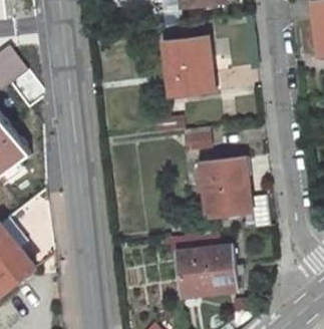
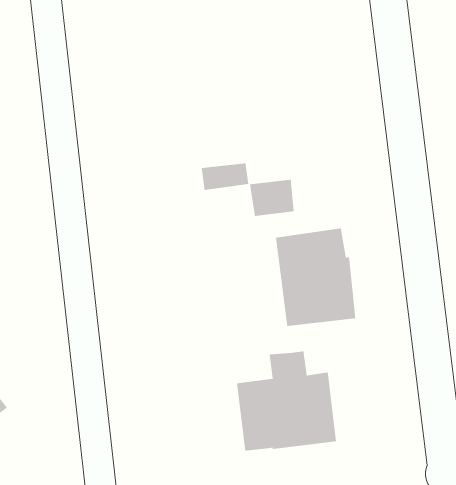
building: [164,35,213,97] -> none

